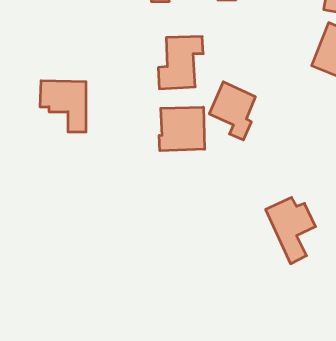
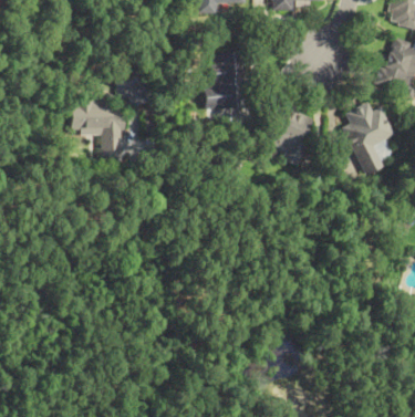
building: [159,107,205,151] -> none
building: [266,197,316,264] -> [340,104,395,177]

